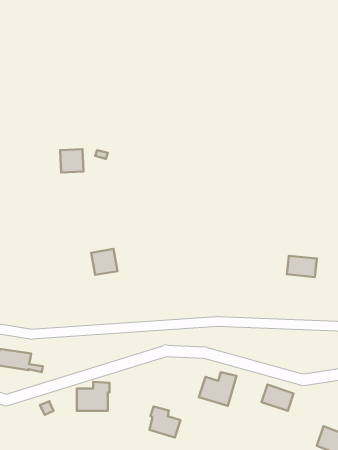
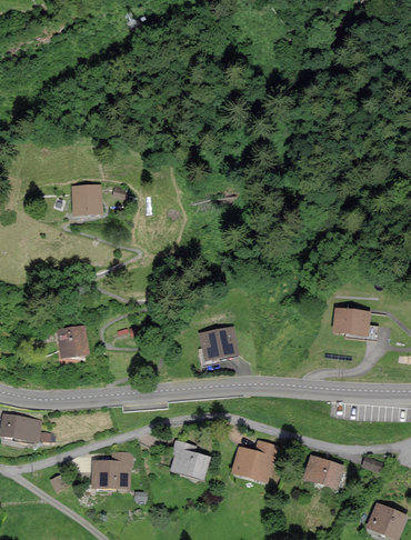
building: [91,249,117,275] -> [57,327,87,357]
building: none -> [200,328,237,359]
building: [150,407,180,438] -> [172,442,208,478]

